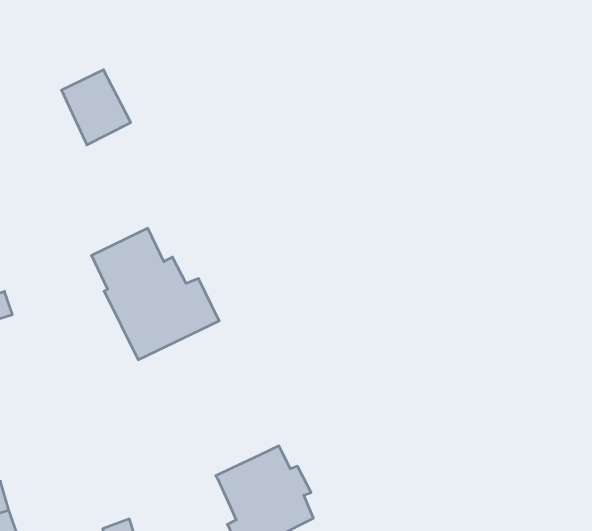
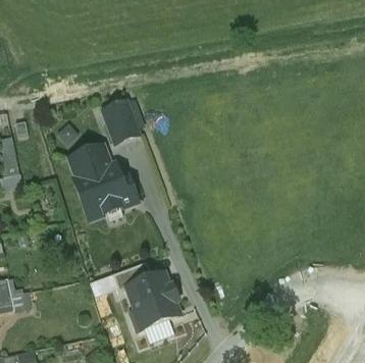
building: [61,70,131,145] -> [103,100,140,141]

